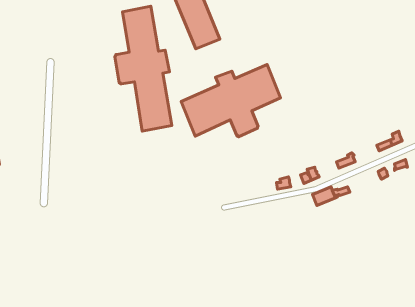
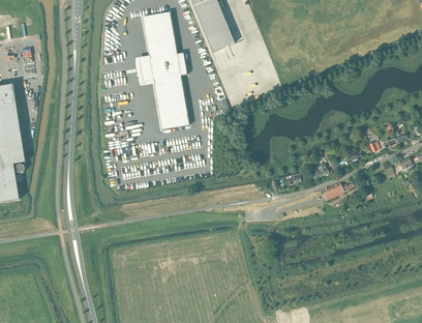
building: [181,65,281,137] -> none

